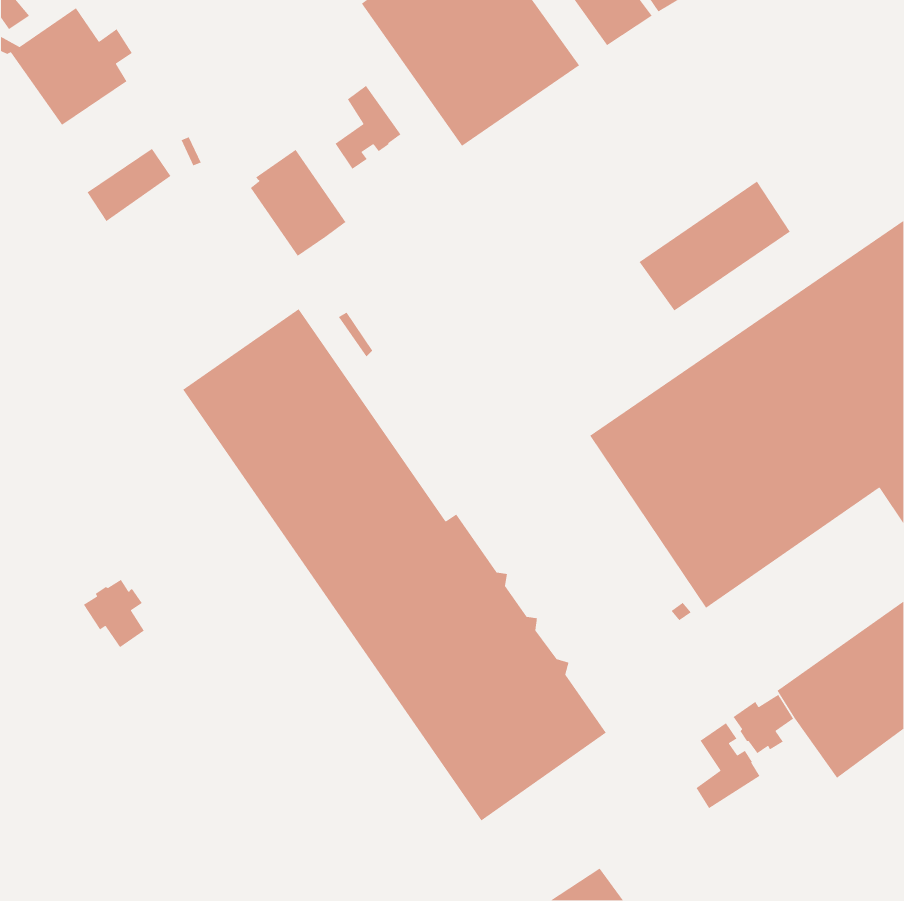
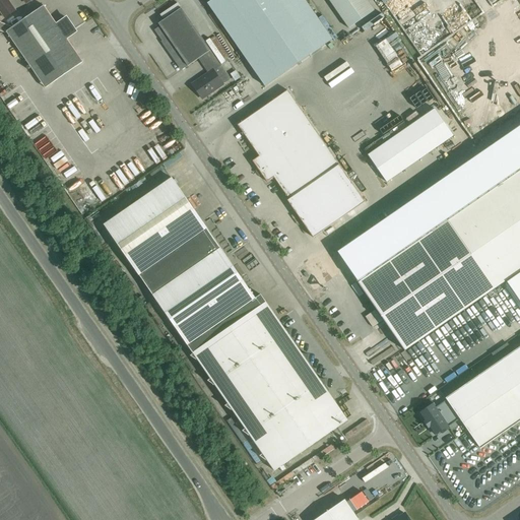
building: [87,148,172,222] -> [36,47,84,89]
building: [250,149,347,257] -> [155,6,211,68]
building: none -> [238,88,365,236]
building: [83,579,145,648] -> none
building: [696,722,761,809] -> none

